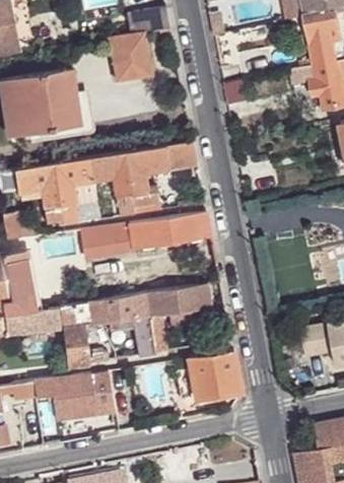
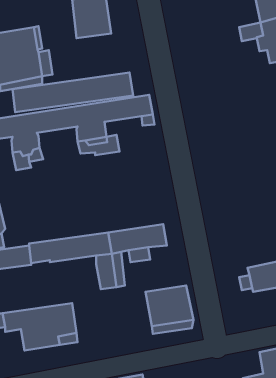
building: [78,213,210,257] -> [12,72,133,112]
building: [63,325,87,366] -> none

